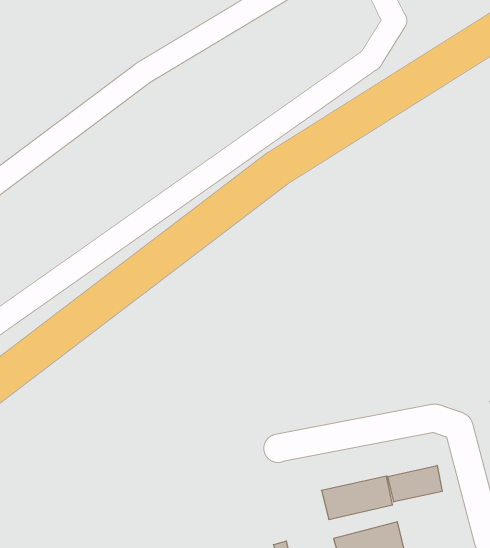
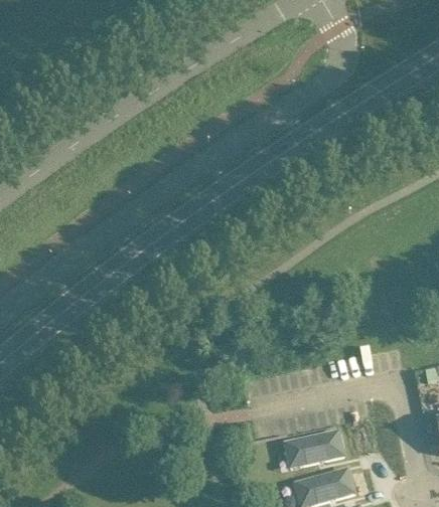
building: [388,465,442,502] -> none

